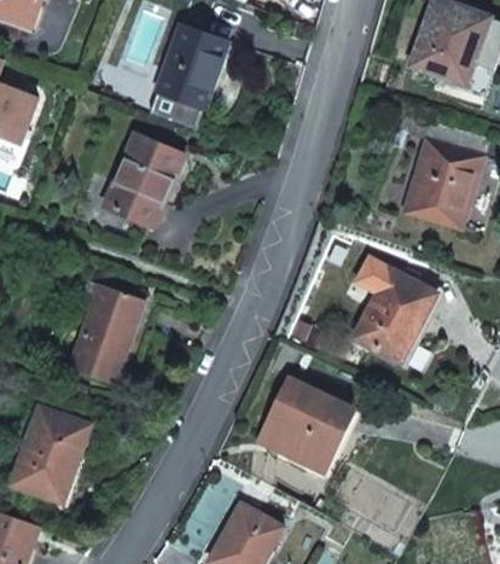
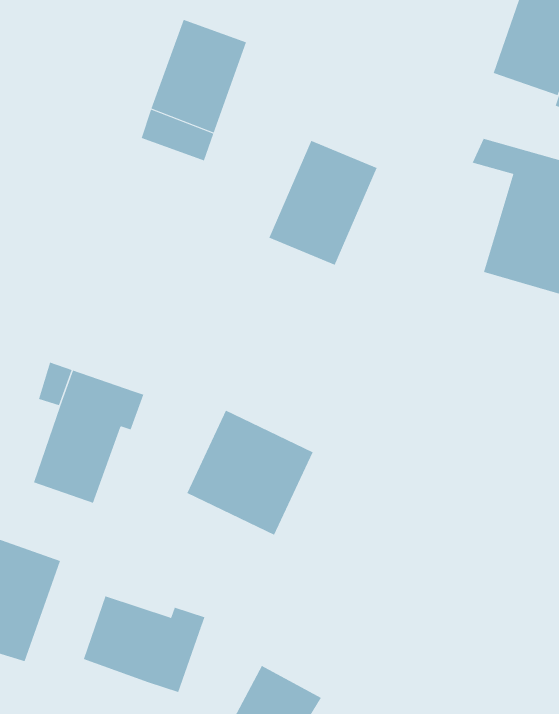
building: [103,135,184,228] -> [268,140,378,266]
building: [354,272,432,360] -> none
building: [258,379,353,472] -> [186,410,314,535]
building: none -> [83,595,205,693]

